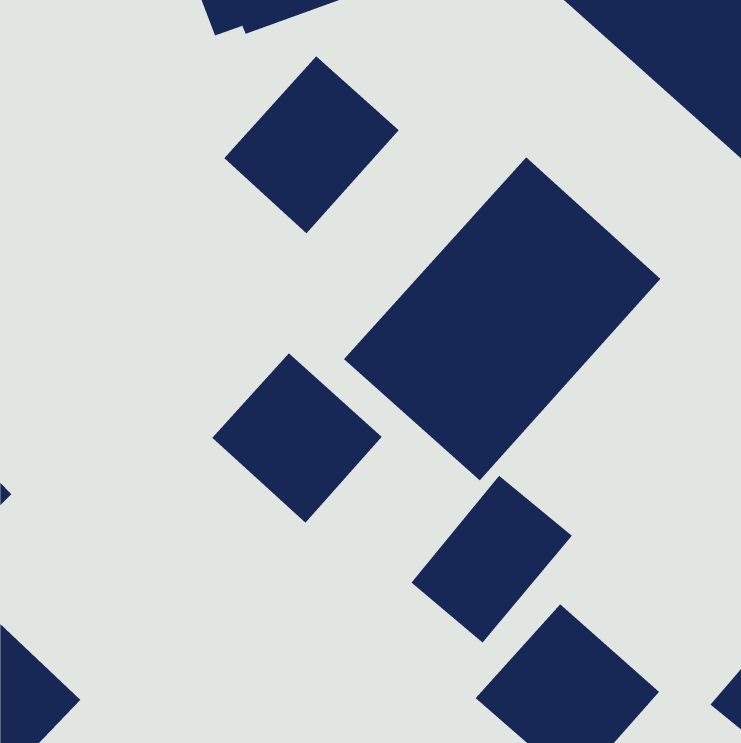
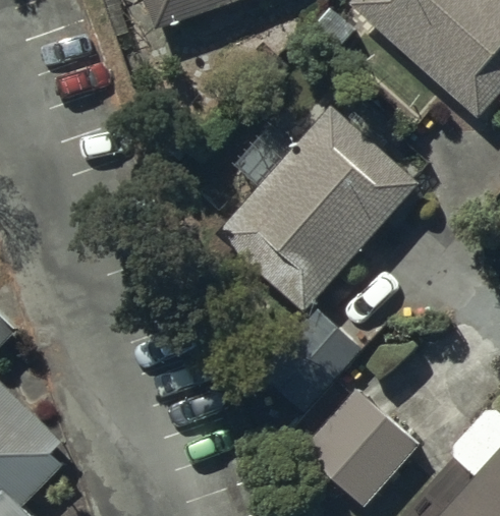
building: [223,56,399,234] -> none
building: [212,352,383,524] -> none

